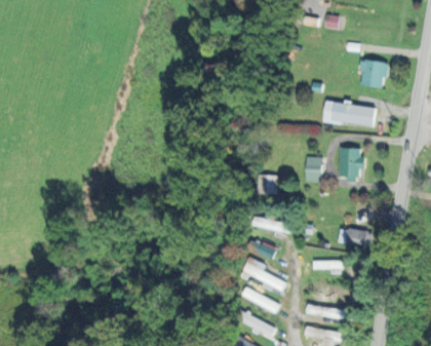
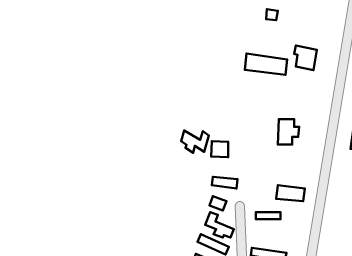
building: [323,101,375,126] -> [245,54,287,75]
building: [305,156,321,182] -> none
building: none -> [181,130,209,153]

